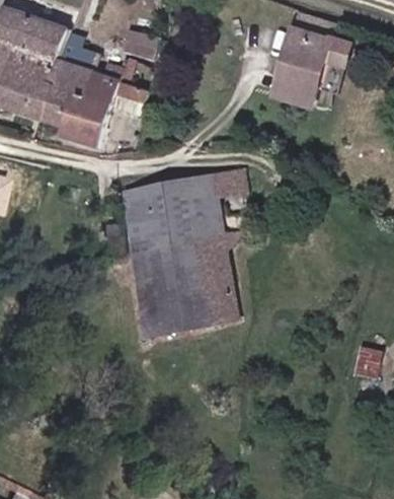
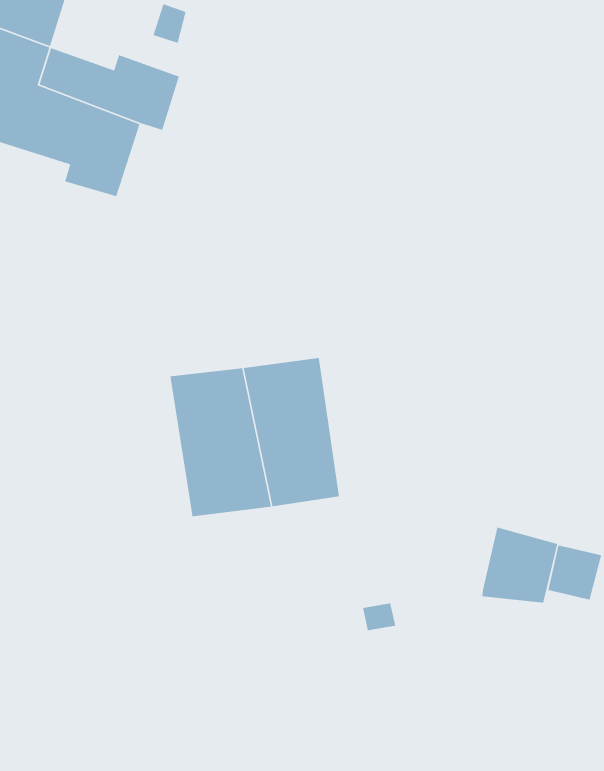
building: [282,41,338,116] -> none
building: [120,171,247,247] -> none
building: none -> [482,526,558,604]

